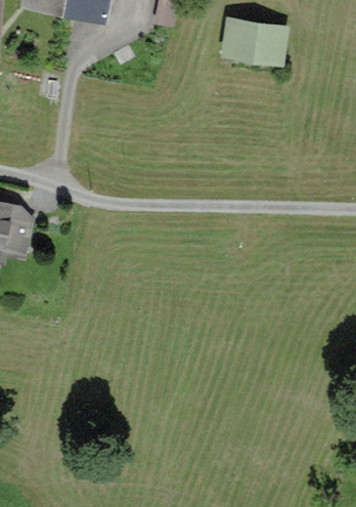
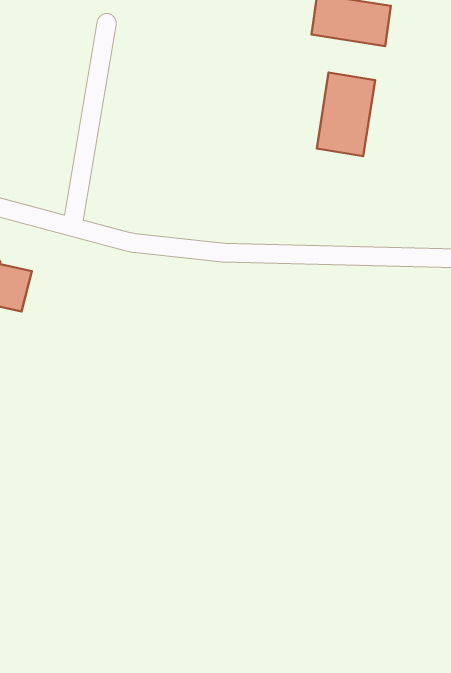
building: none -> [317,72,375,156]

